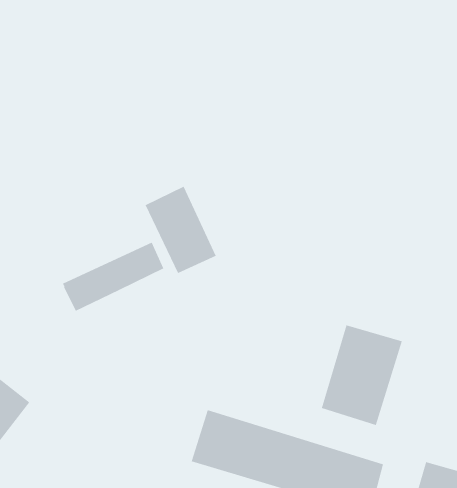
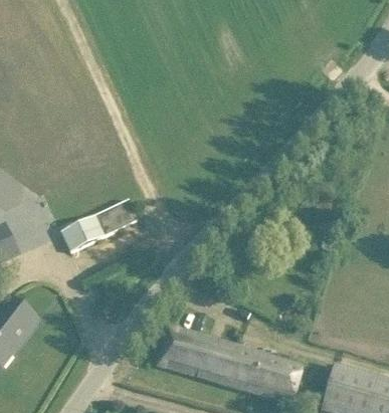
building: [145,186,216,274] -> none
building: [321,324,402,426] -> none

